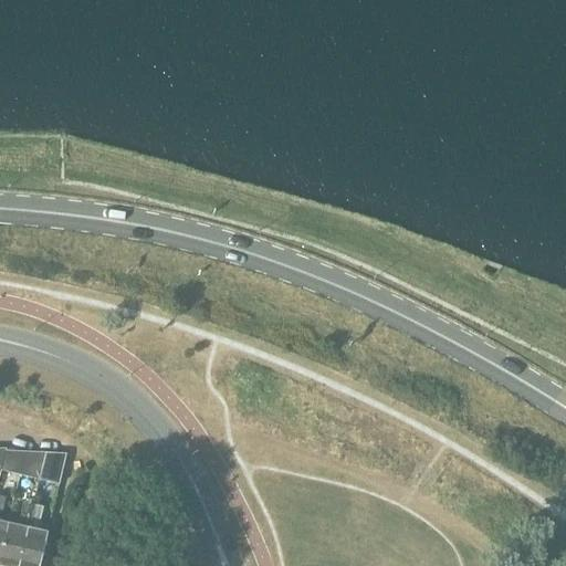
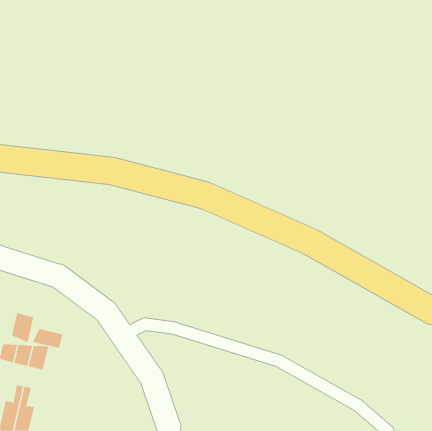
building: none -> [11,313,34,343]
building: none -> [32,328,63,349]

